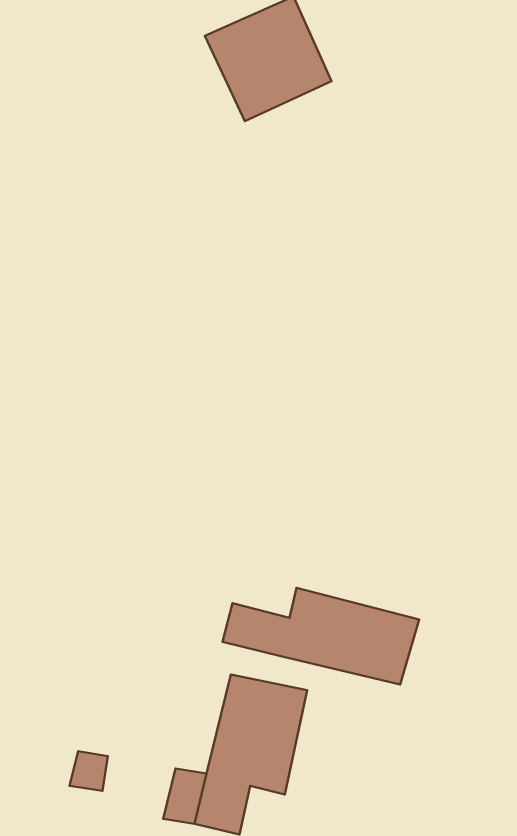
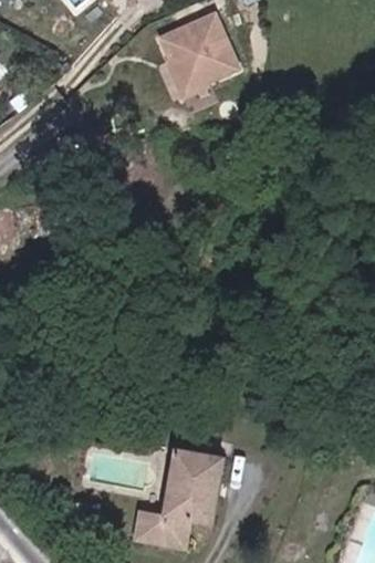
building: [222,588,419,684] -> none

